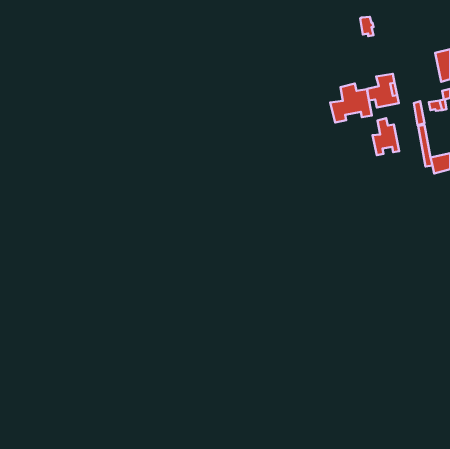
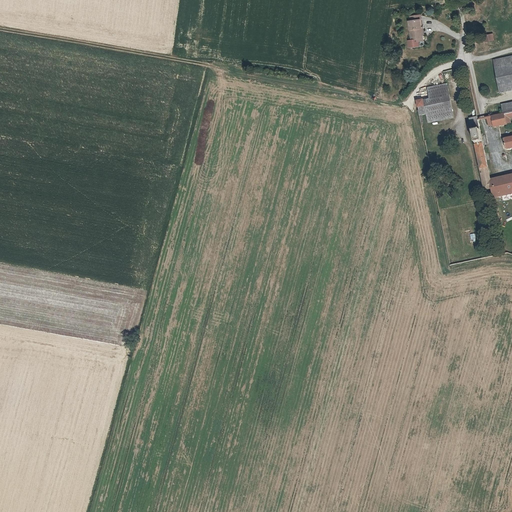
building: [330,84,372,122] -> none
building: [372,118,399,155] -> none

